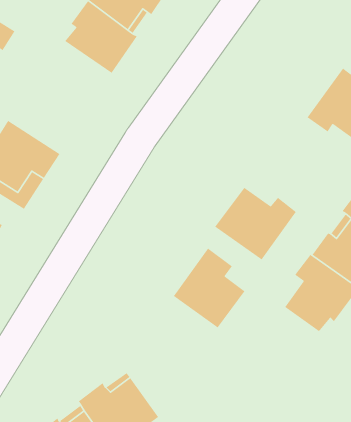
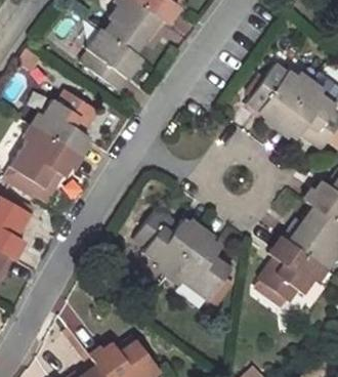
building: none -> [249,65,309,125]
building: none -> [35,89,96,155]
building: [214,187,297,261] -> [131,211,199,271]

